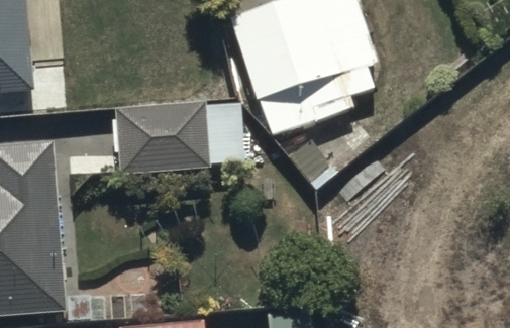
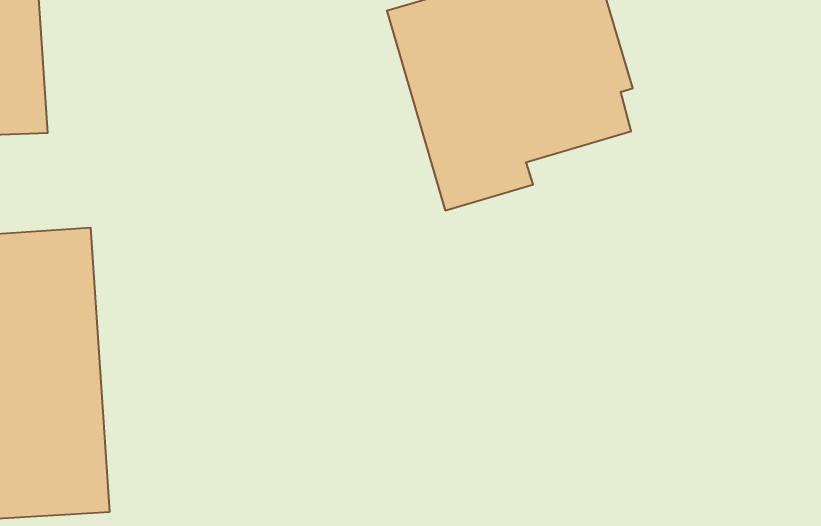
building: [115,102,242,171] -> none

